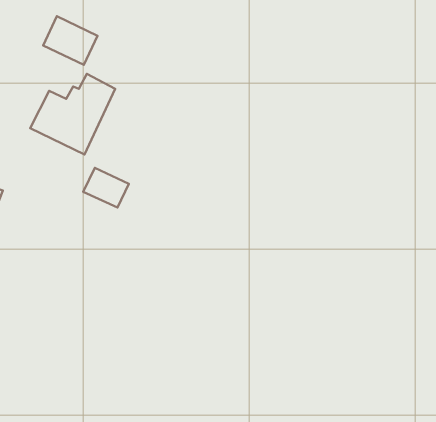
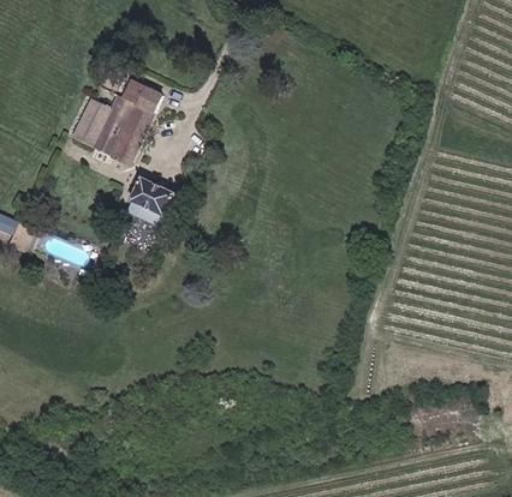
building: [43,16,97,65] -> none

